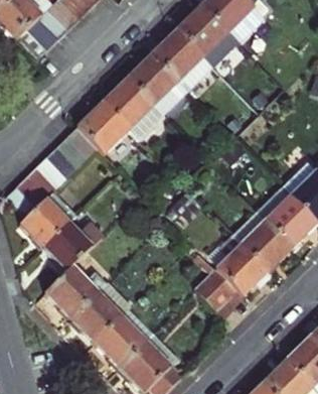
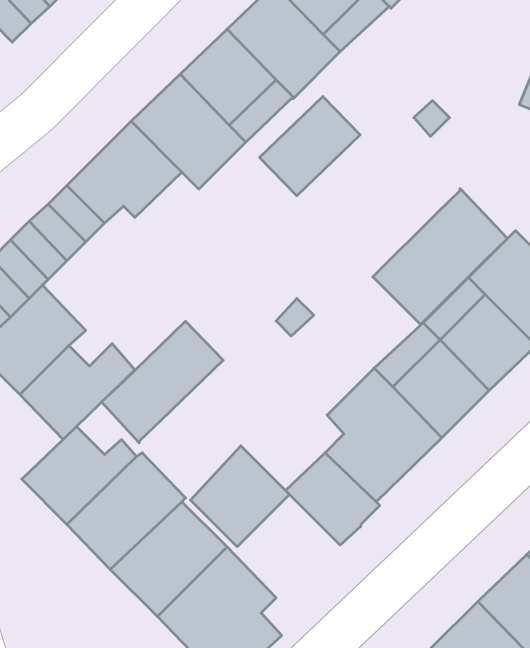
building: none -> [260,96,360,196]
building: none -> [373,189,507,325]
building: none -> [102,321,223,443]
building: none -> [190,446,290,547]

